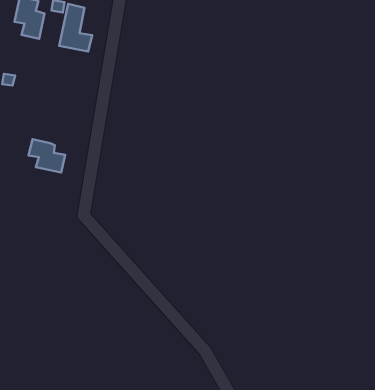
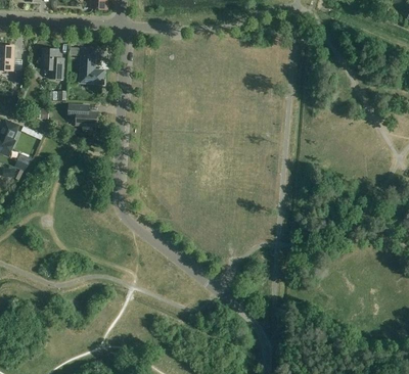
building: [29,139,65,172] -> [69,103,97,126]

